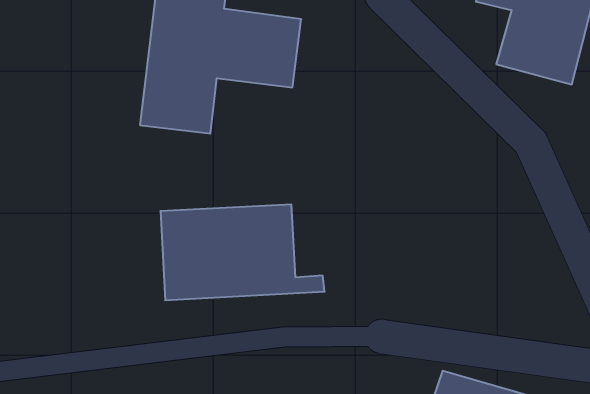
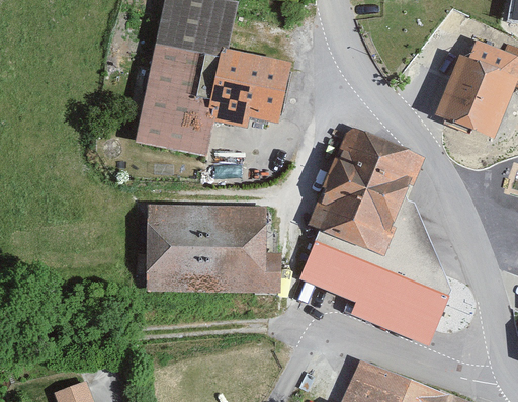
building: none -> [316,137,417,251]
building: none -> [307,241,449,340]

